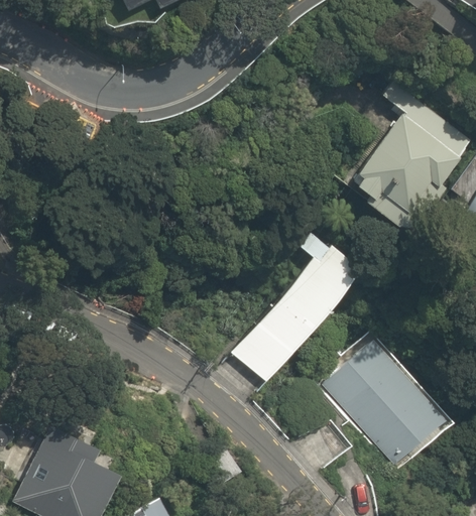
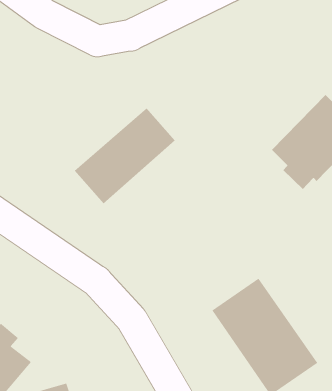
building: none -> [74,108,176,204]
building: [229,224,365,384] -> none

